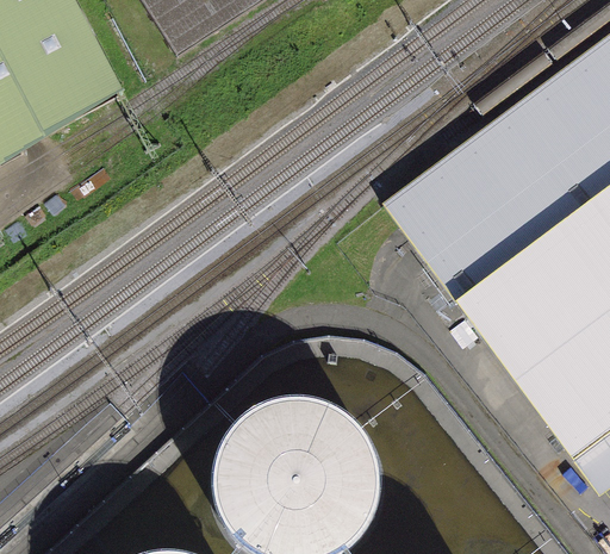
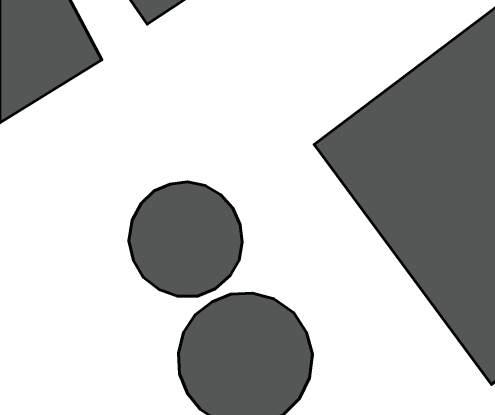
building: none -> [129,182,242,296]

